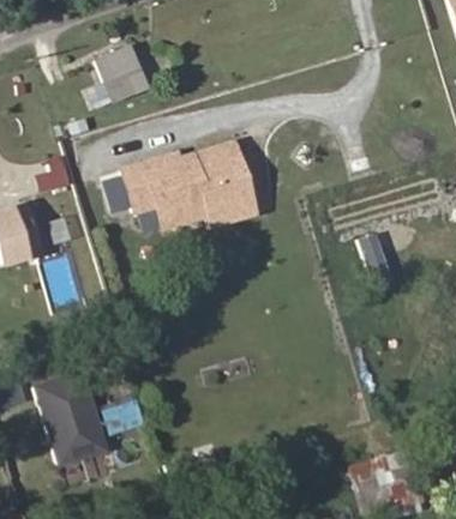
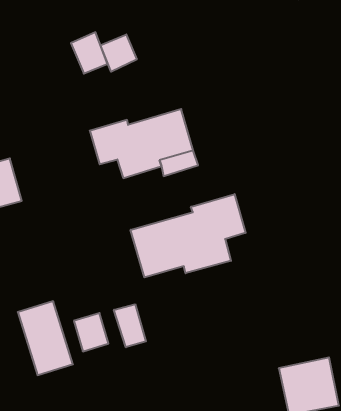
building: none -> [100,34,137,72]
building: none -> [131,194,246,277]
building: none -> [114,304,146,347]

